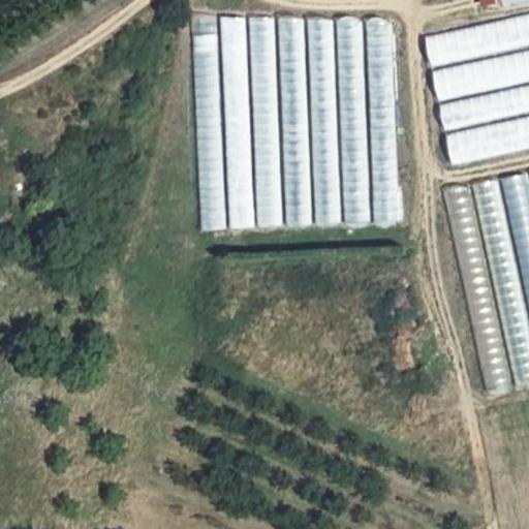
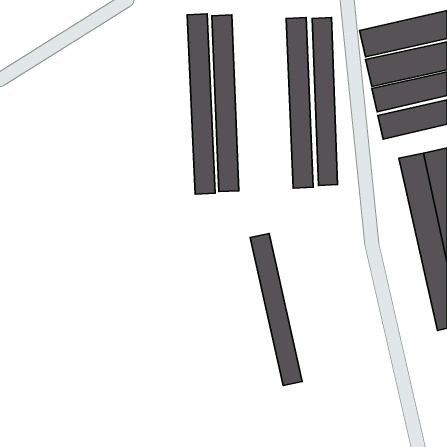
building: [192,14,225,230] -> none
building: [279,21,311,222] -> none
building: [308,22,340,223] -> none
building: [446,187,517,397] -> none
building: none -> [250,233,302,386]

